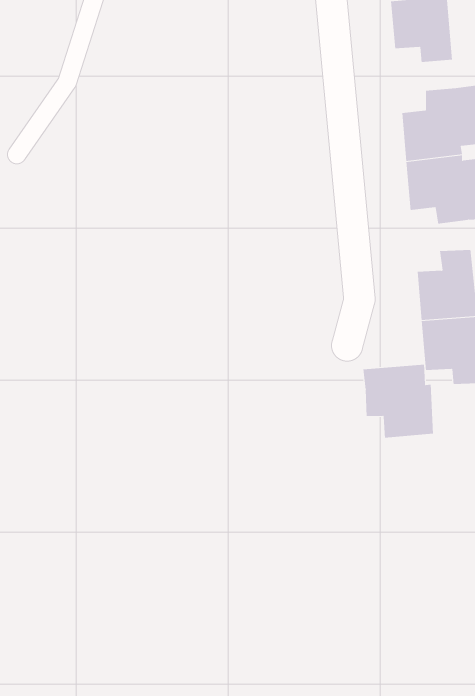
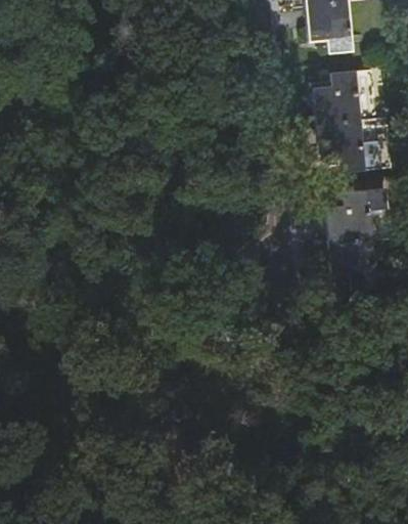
building: [363,364,434,438] -> none

